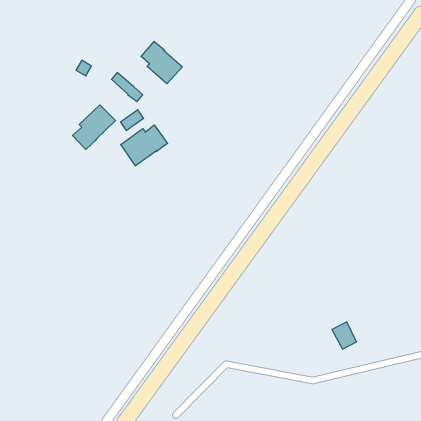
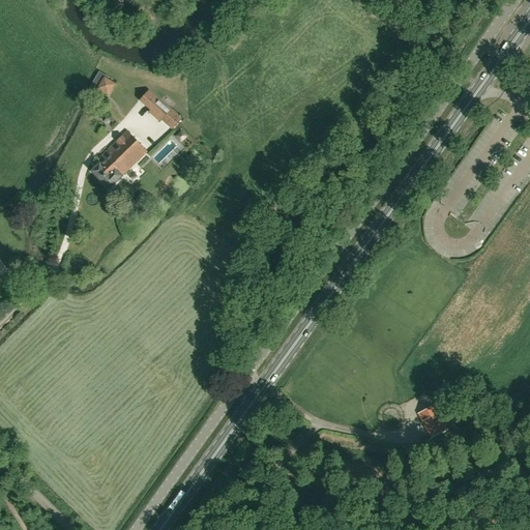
building: [141,41,182,84] -> none
building: [121,125,168,166] -> none

